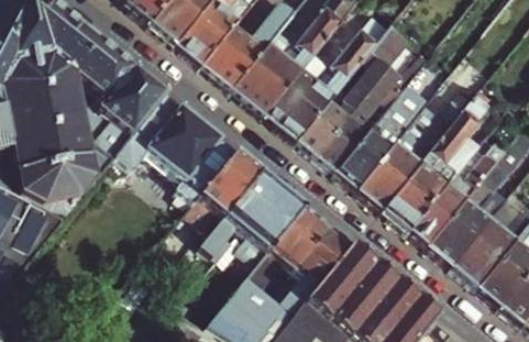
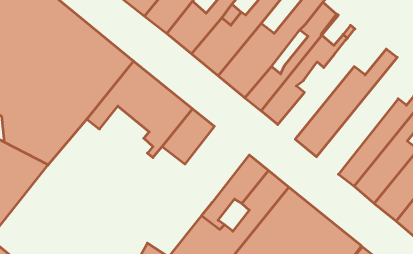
building: [337,67,432,186] -> none
building: [383,88,493,228] -> none
building: [206,170,302,262] -> none

